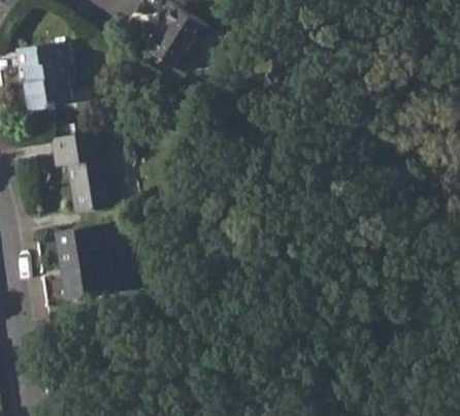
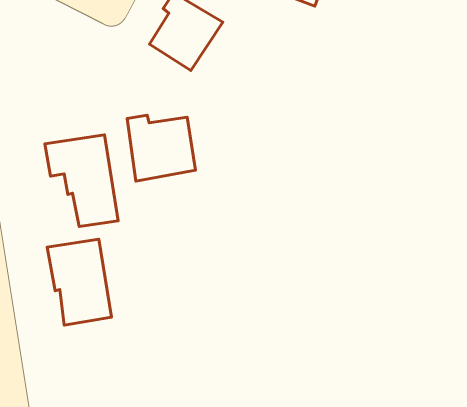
building: [13,41,68,113] -> none
building: none -> [127,115,196,181]

